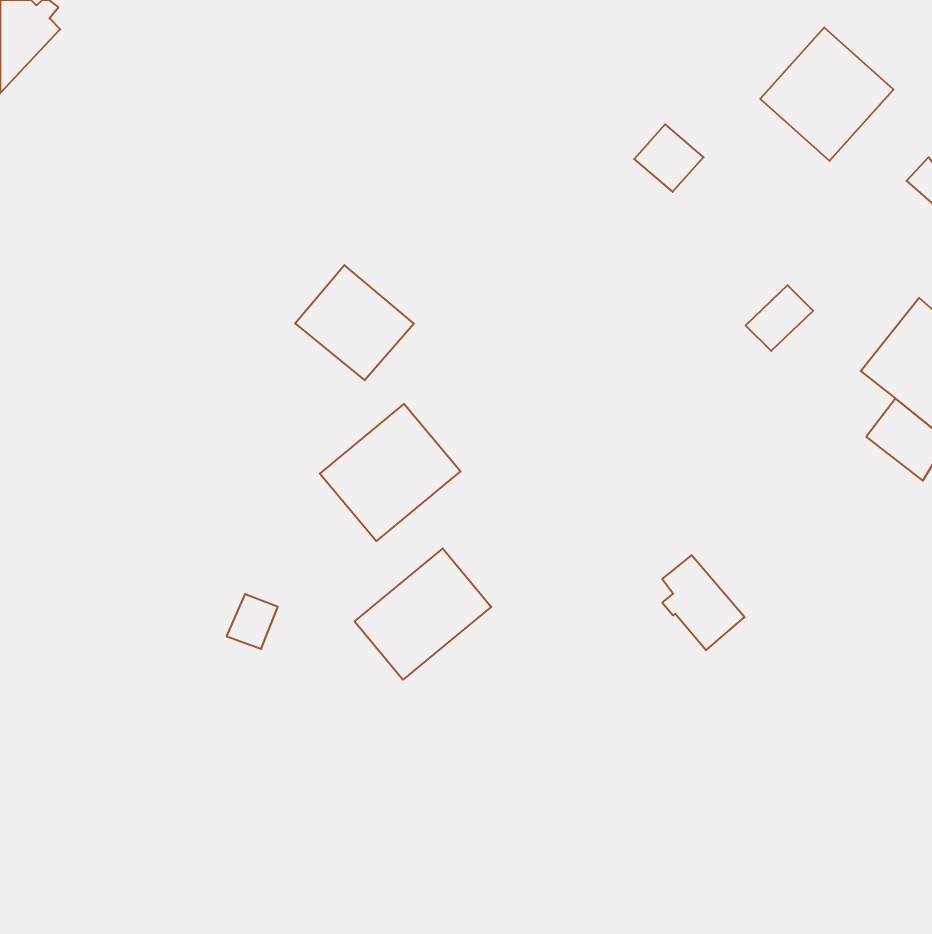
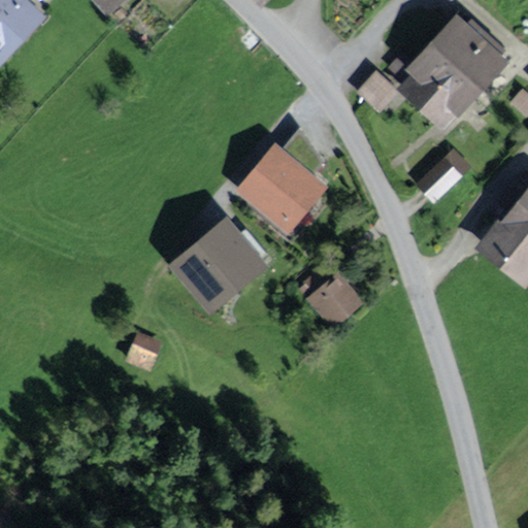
building: none -> [392,54,474,125]
building: [295,265,414,380] -> [250,156,317,221]
building: [355,548,491,680] -> none
building: [662,555,745,650] -> [307,268,354,322]

